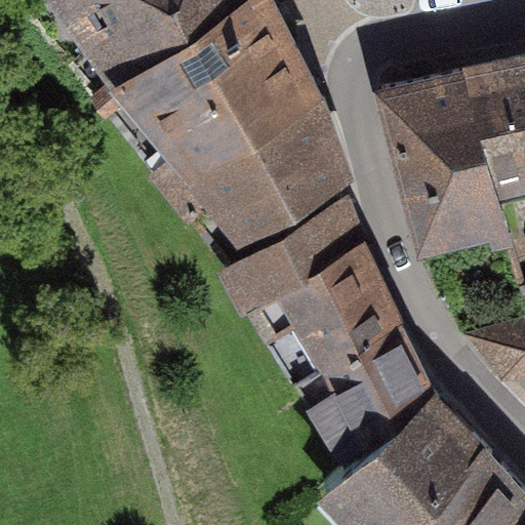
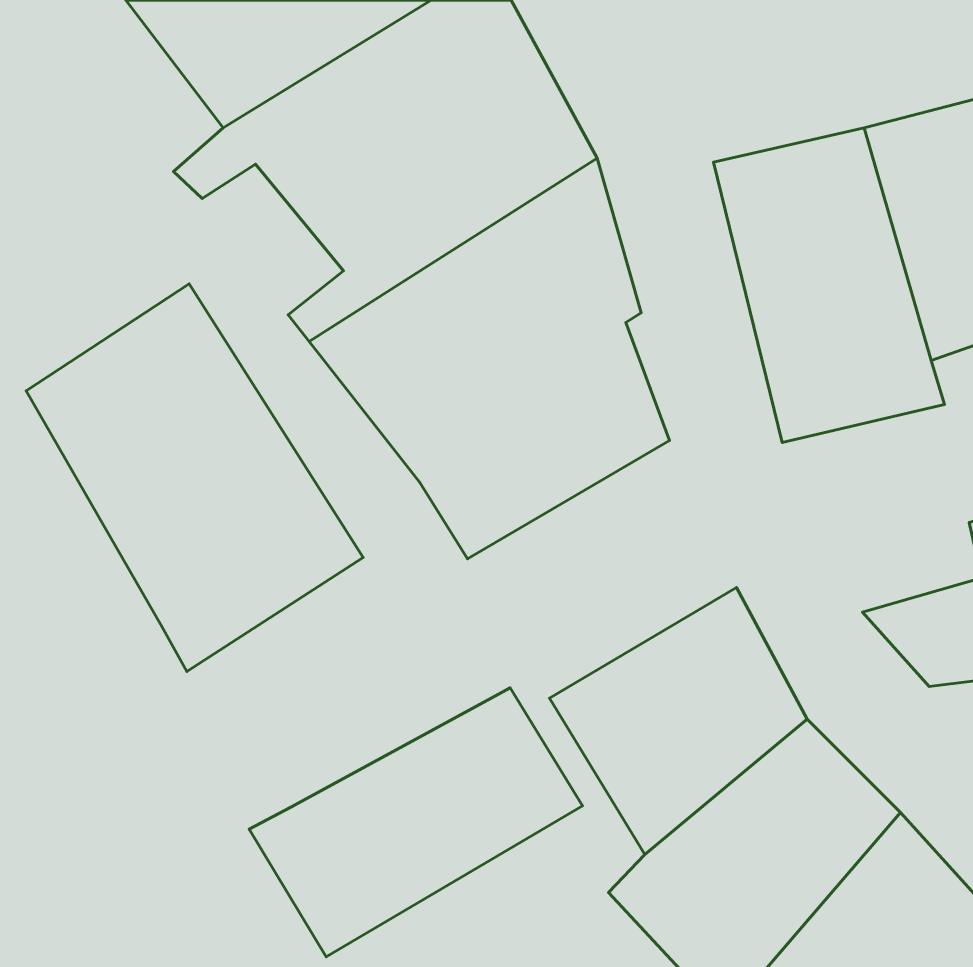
building: none -> [26,284,363,672]
building: [252,241,397,379] -> none
building: none -> [249,688,583,957]

